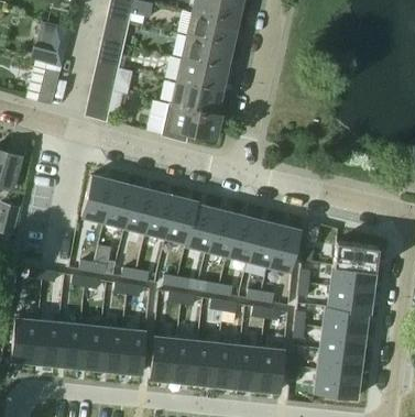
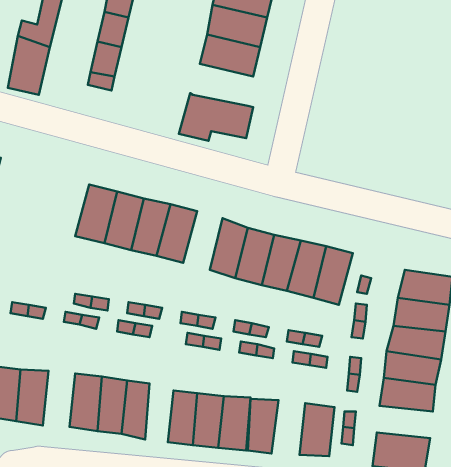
building: [173,80,220,113] -> none
building: [165,196,196,242] -> none
building: [55,321,80,365] -> none
building: [234,344,261,388] -> none
building: [317,349,361,374] -> none

